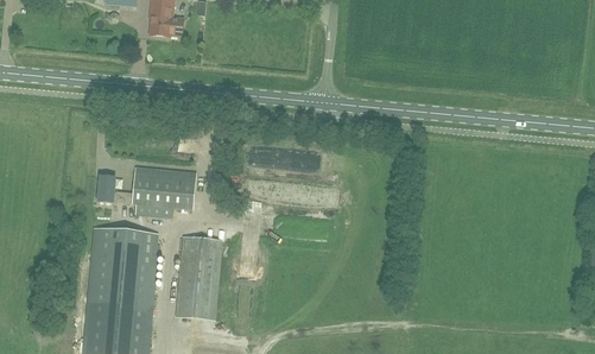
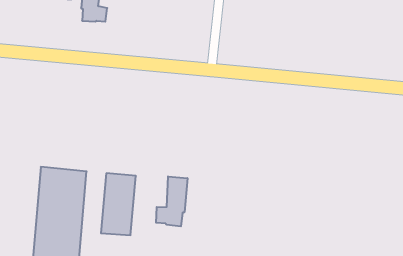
building: [99,165,196,216] -> none
building: none -> [156,176,187,226]

